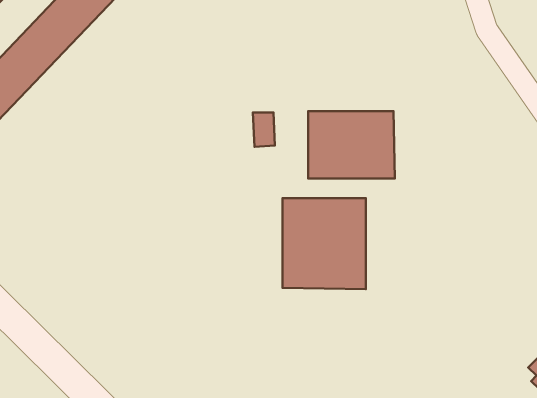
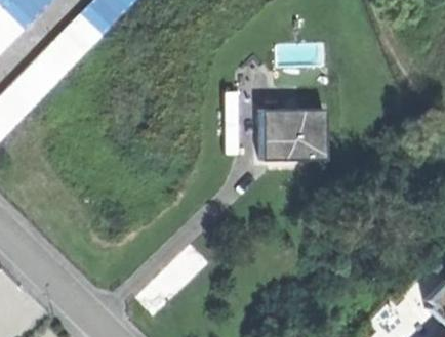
building: [282,198,366,289] -> none

